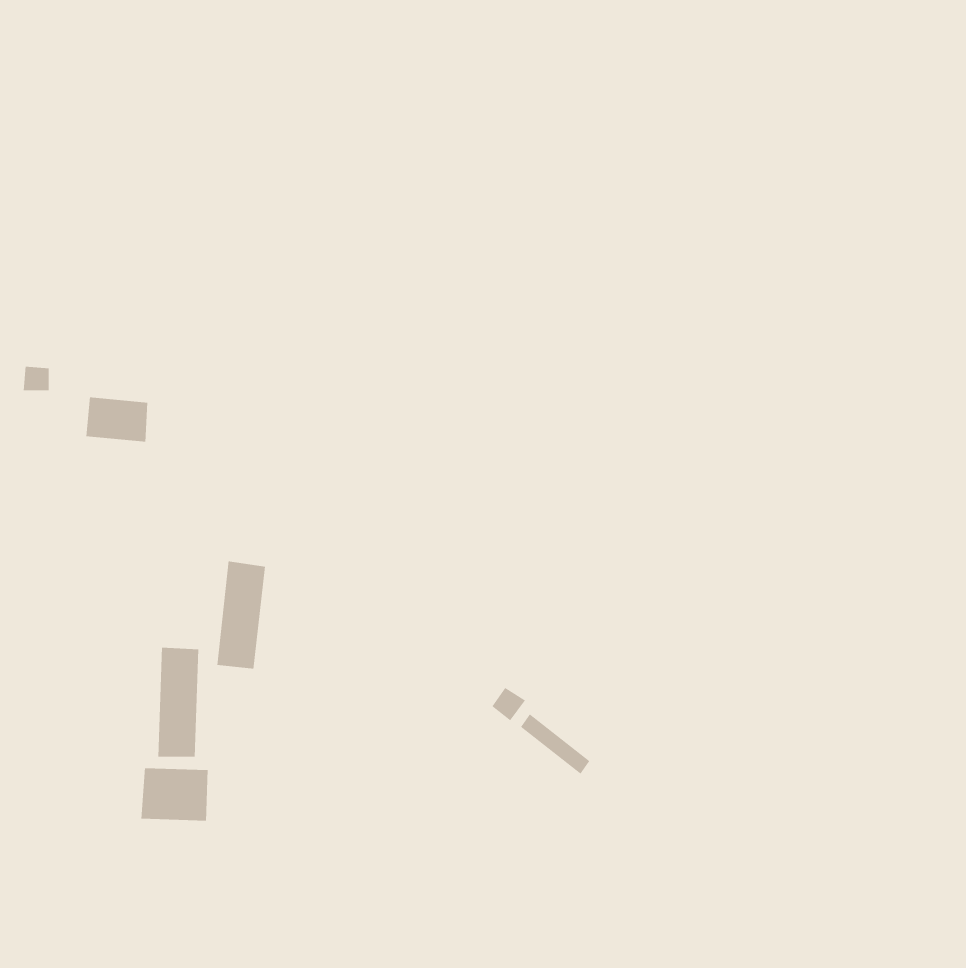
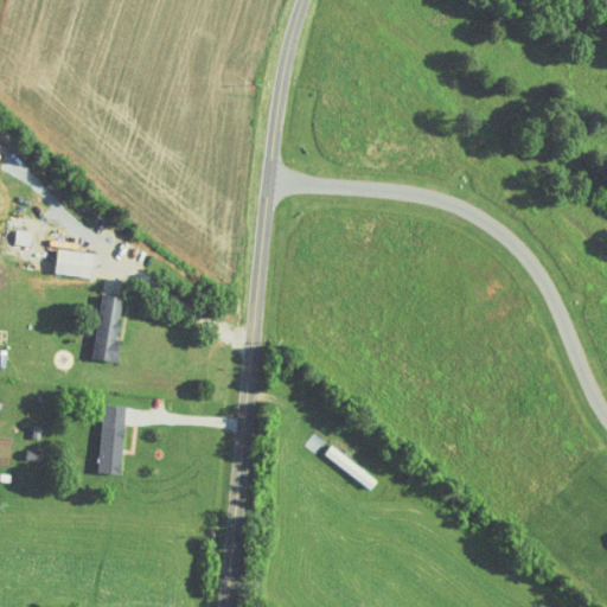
building: [216,561,266,669] -> [92,295,123,363]
building: [141,768,208,822] -> none

